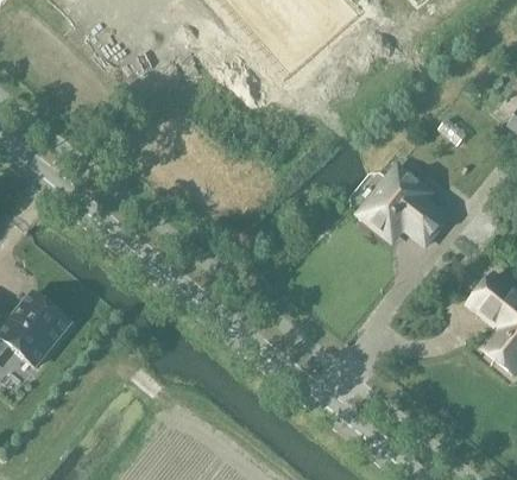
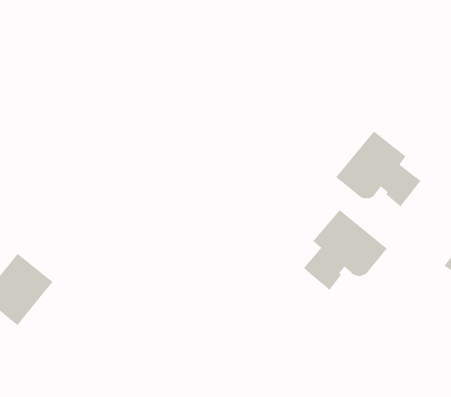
building: none -> [303,209,388,291]

